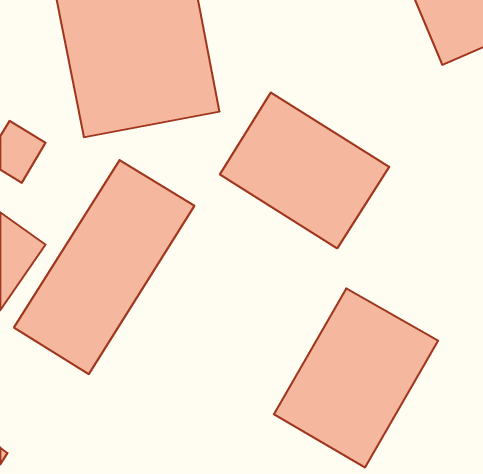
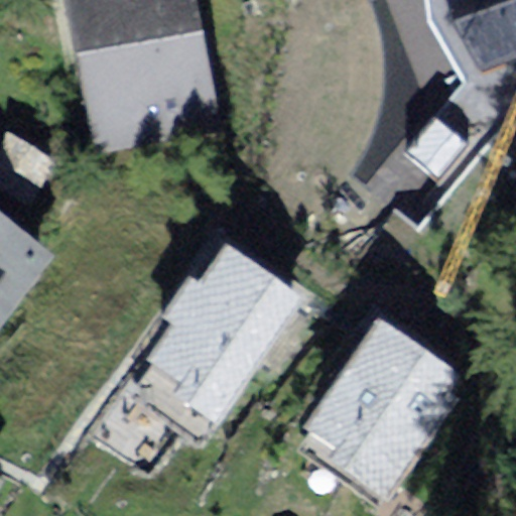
building: [220,92,389,248] -> none
building: [14,160,194,374] -> [106,249,297,476]

